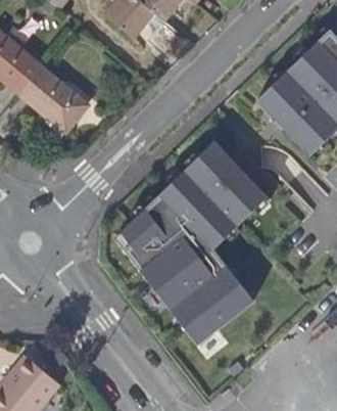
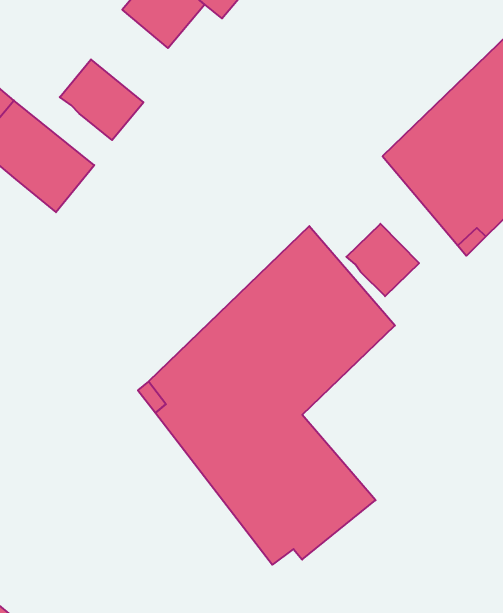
building: none -> [60,59,143,140]
building: none -> [346,224,419,296]

